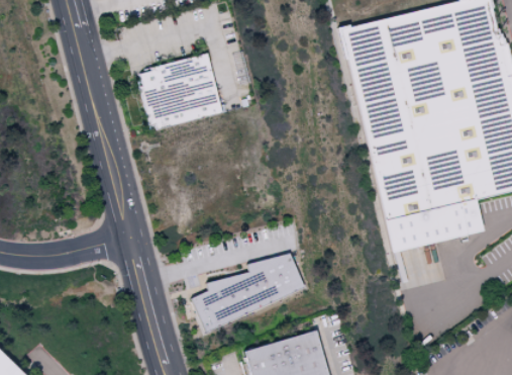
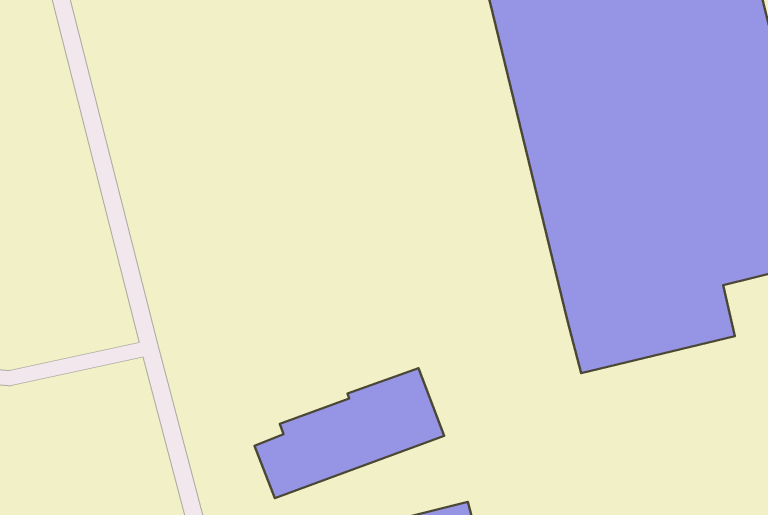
building: [140,54,223,127] -> none

